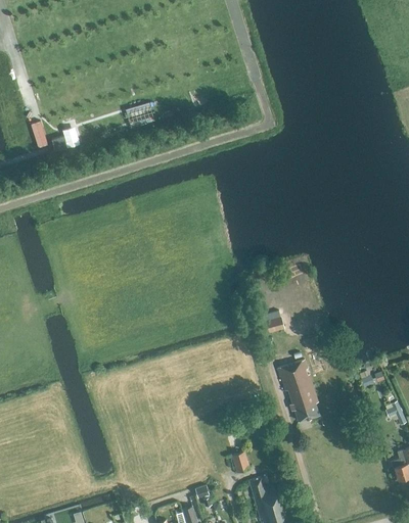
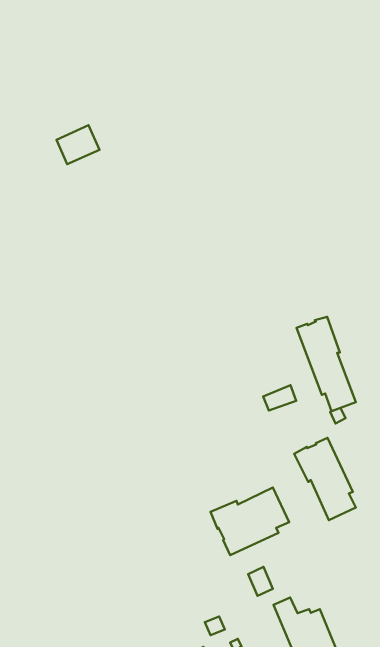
building: none -> [297,317,356,411]
building: none -> [210,487,289,555]

